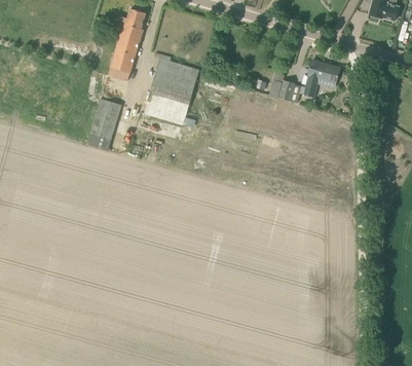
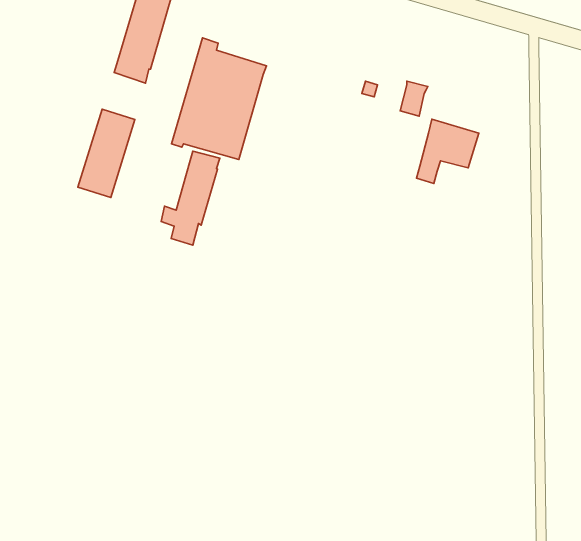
building: [303,60,340,98] -> [416,119,479,183]
building: none -> [161,151,220,245]

